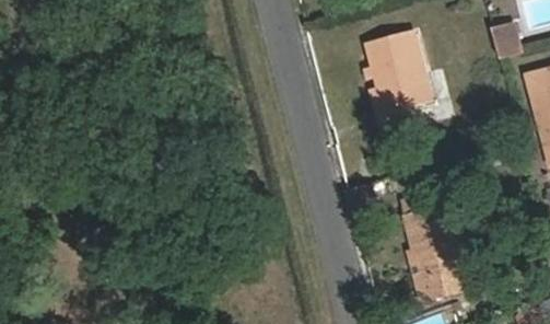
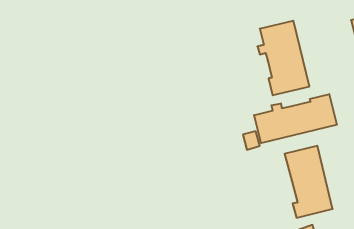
building: none -> [254,94,337,143]

